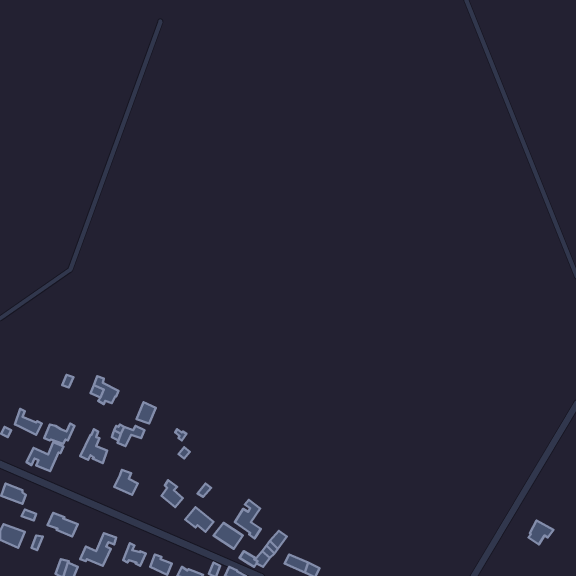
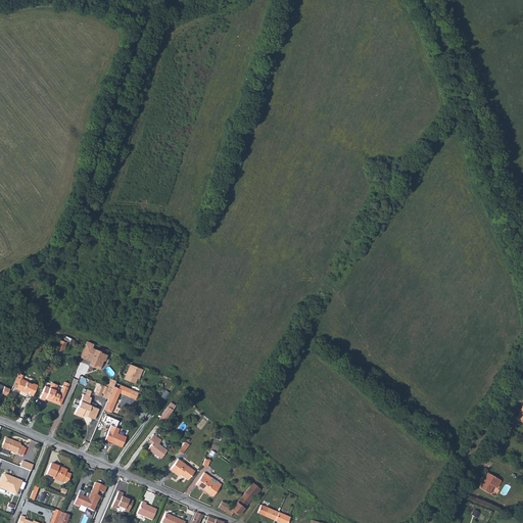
building: [26,442,63,471] -> none
building: [235,500,261,538] -> none

